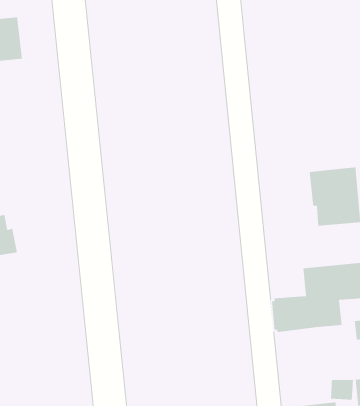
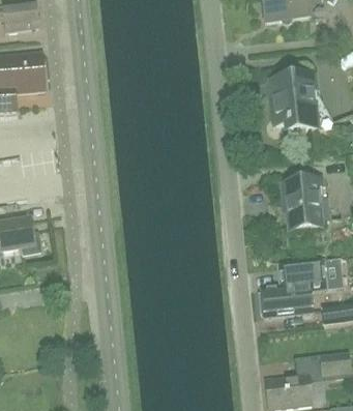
building: none -> [270,74,320,139]

